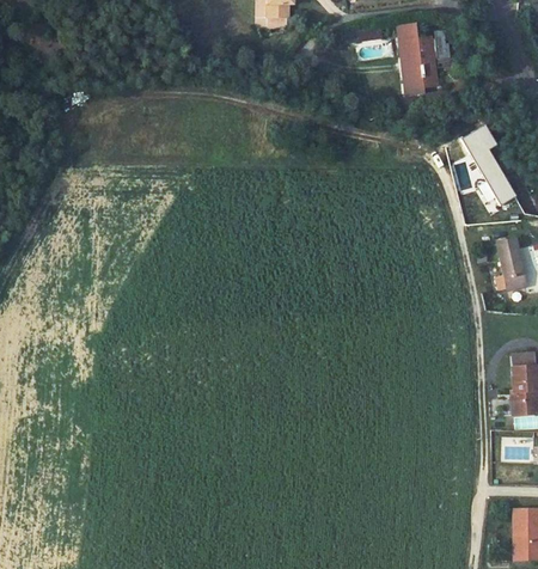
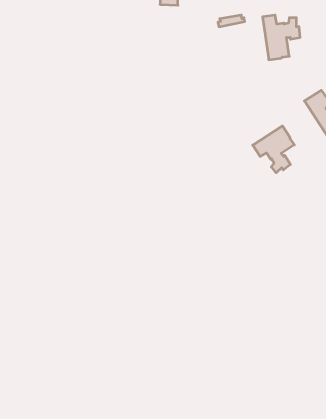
building: none -> [253,126,294,173]

